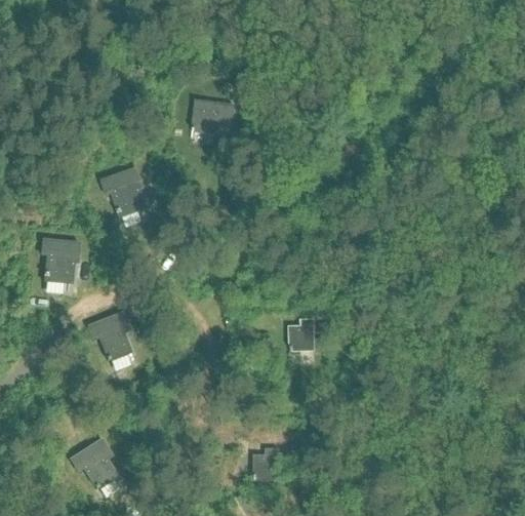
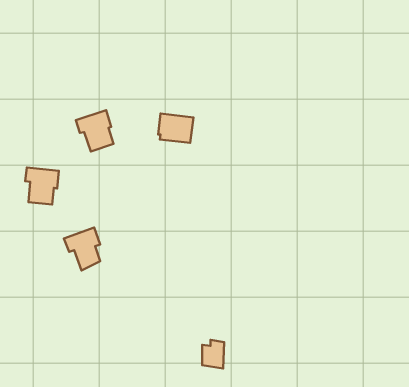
building: [193,100,236,135] -> [158,113,193,143]
building: [291,317,316,350] -> none
building: [70,439,119,488] -> none

